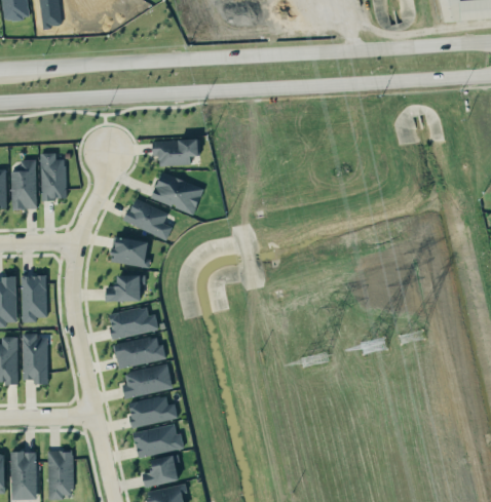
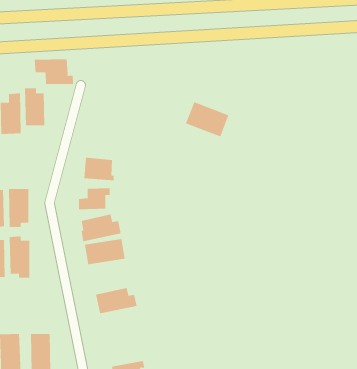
building: none -> [34,58,73,85]
building: [152,139,199,166] -> none
building: [150,171,203,215] -> [185,101,229,137]
building: [123,198,173,238] -> none
building: [121,363,173,398] -> none
building: [133,424,184,457] -> none
building: [142,454,179,487] -> none

